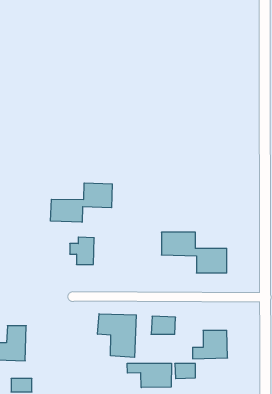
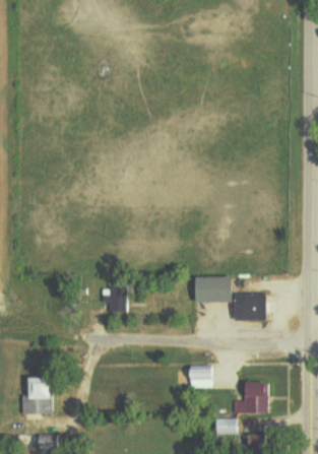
building: [51,183,112,222] -> none
building: [98,314,136,357] -> none
building: [127,363,171,388] -> none

